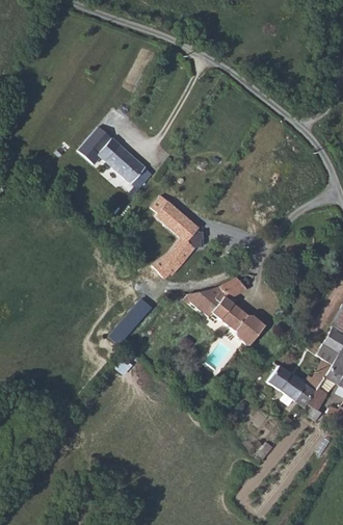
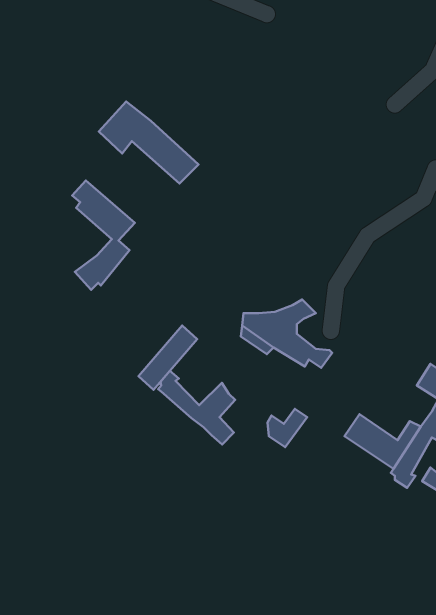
building: [150,193,197,277] -> [72,180,135,290]
building: [236,317,266,346] -> [268,409,307,447]
building: none -> [158,371,235,445]

